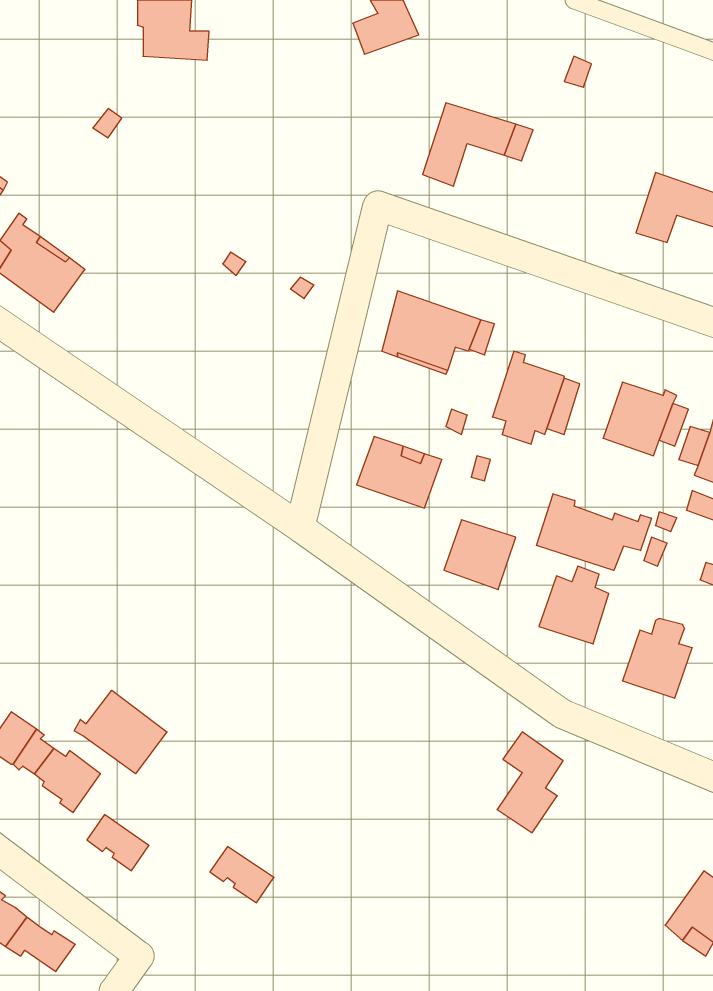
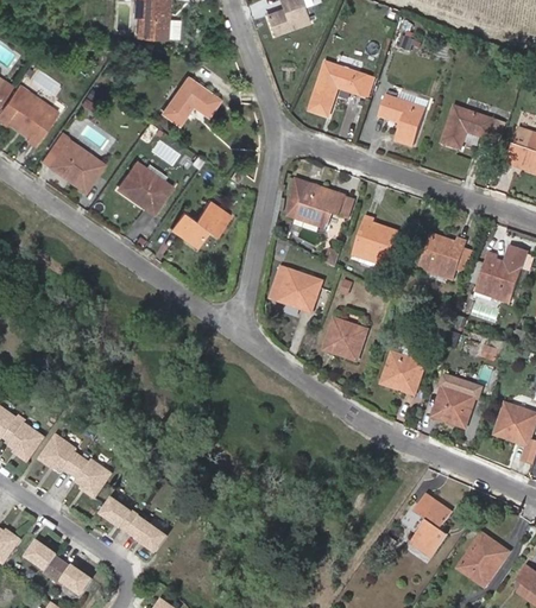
building: none -> [160,77,217,125]
building: none -> [377,95,423,145]
building: none -> [116,162,170,214]
building: none -> [171,202,227,246]
building: [536,494,651,570] -> none
building: [74,690,167,774] -> none
building: [497,732,563,833] -> [409,494,449,556]
building: [210,847,274,903] -> [131,518,170,552]

